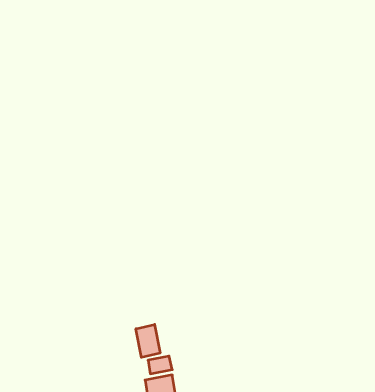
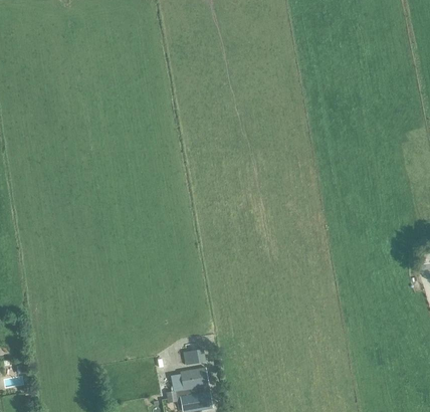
building: [136,324,160,357] -> none

